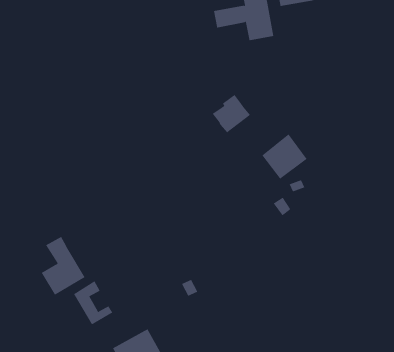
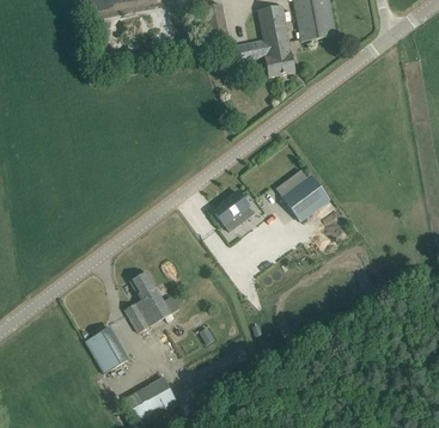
building: [212,94,251,133] -> [214,191,255,232]
building: [41,236,85,296] -> [124,270,171,332]

